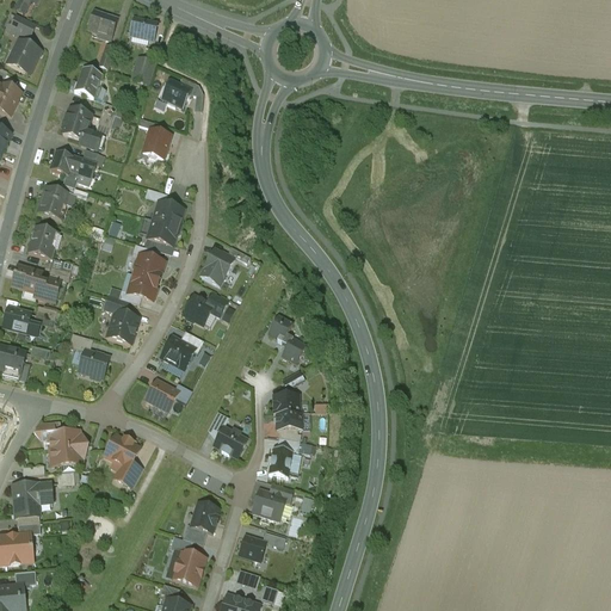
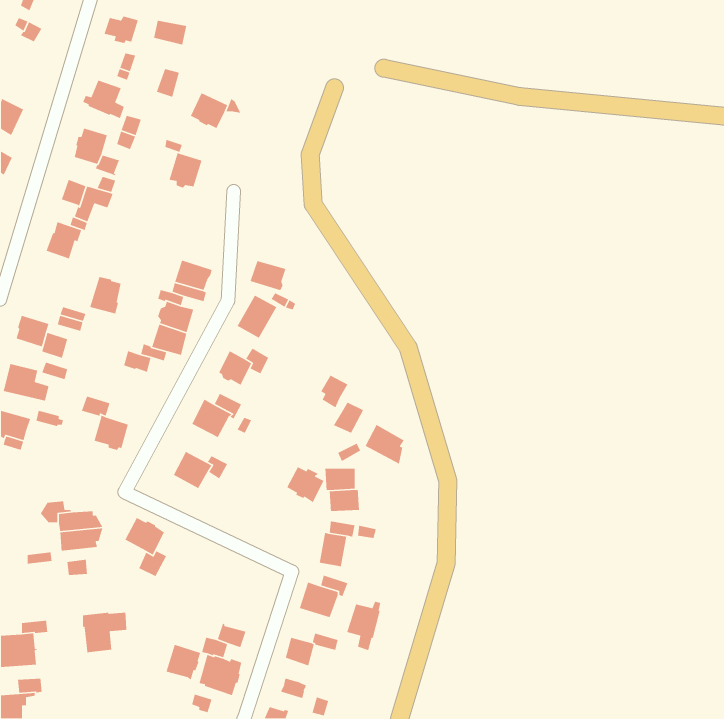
building: [10,38,41,72] -> none
building: [153,200,184,227] -> [250,260,286,291]
building: [27,226,55,258] -> [89,276,122,315]
building: [107,310,138,342] -> none
building: none -> [365,424,405,465]
building: [214,427,246,458] -> [286,466,324,503]
building: [13,482,51,517] -> [82,612,128,653]
building: [190,502,220,533] -> [166,644,201,681]
building: none -> [346,601,381,651]

